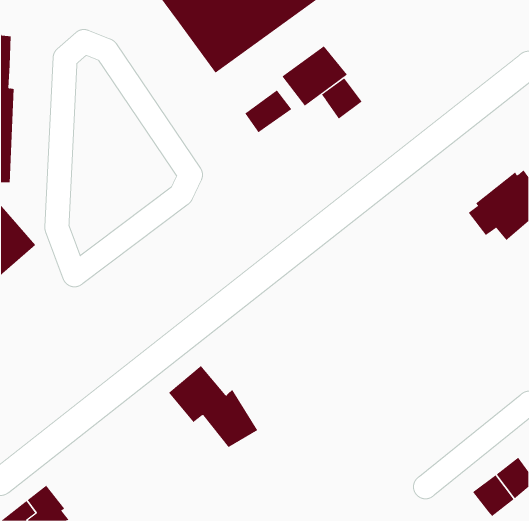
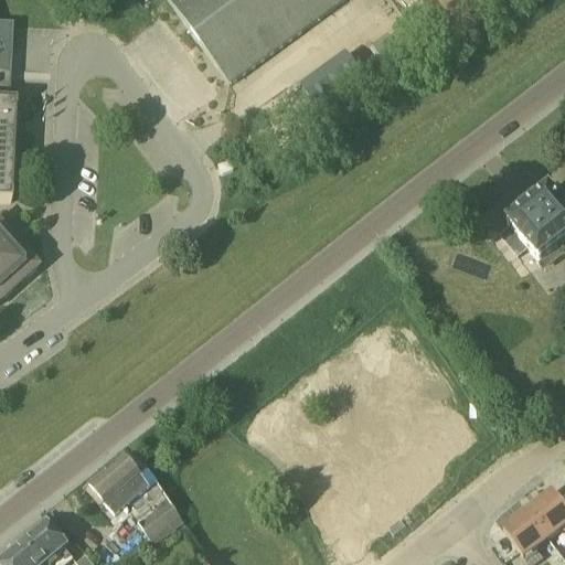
building: [321,78,362,119] -> none
building: [245,89,292,133] -> none
building: [168,365,258,448] -> [88,451,184,540]

